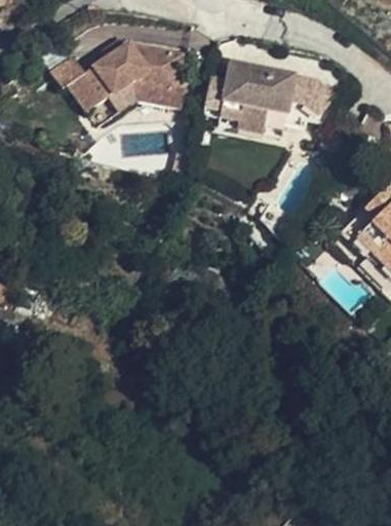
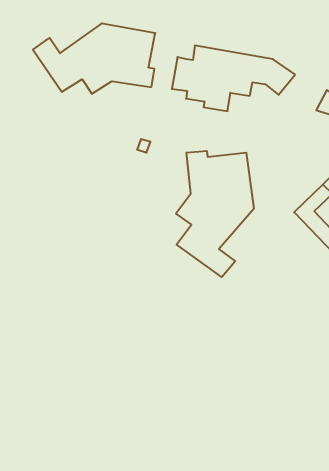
building: none -> [176,151,254,277]

